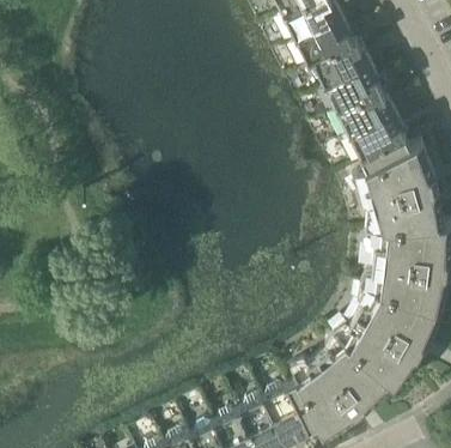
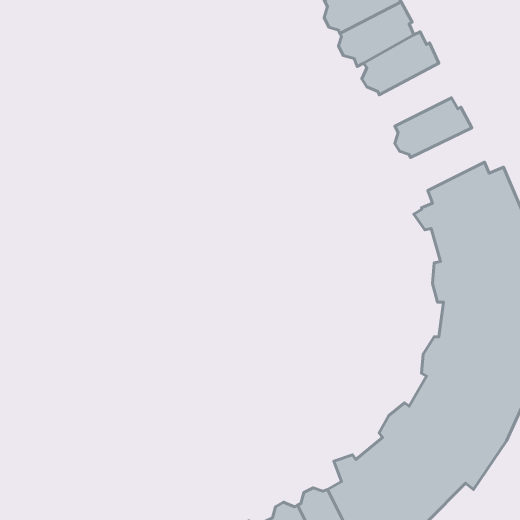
building: [327,62,383,110] -> none
building: [351,111,408,159] -> none

